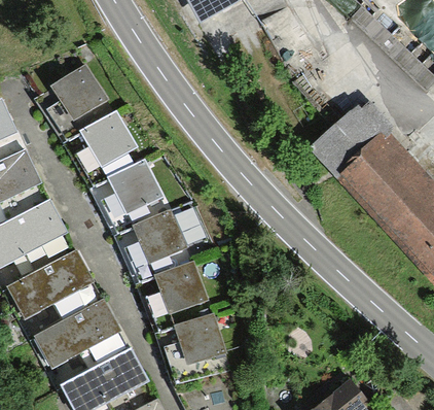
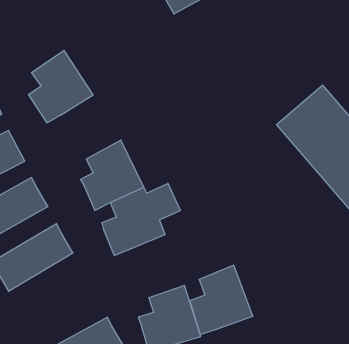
building: [76,111,145,189] -> none
building: [145,261,213,335] -> [189,265,253,334]
building: [34,299,121,370] -> none

